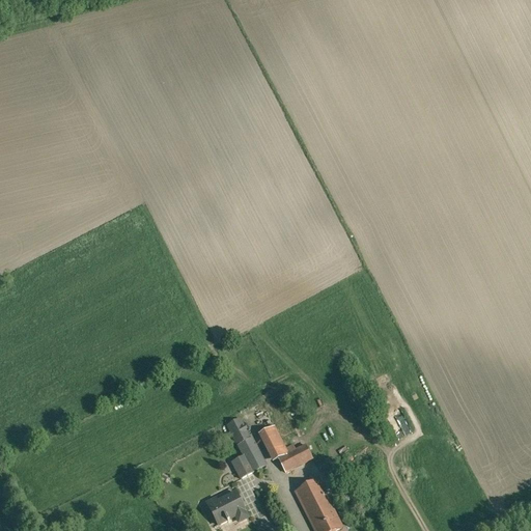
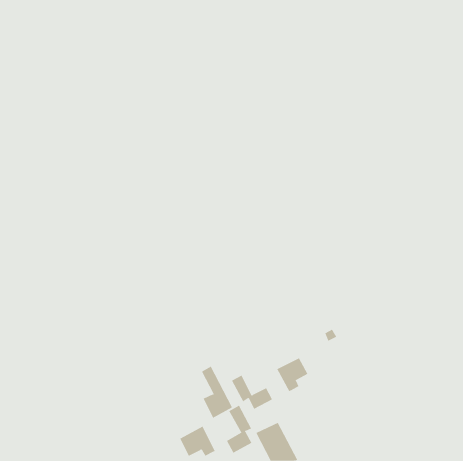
building: none -> [277,358,308,392]
building: none -> [226,405,252,453]

